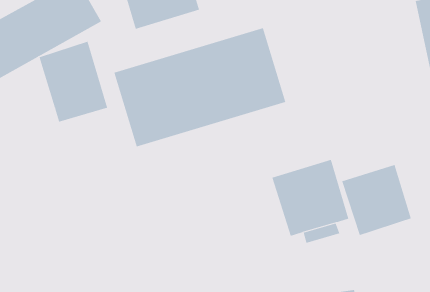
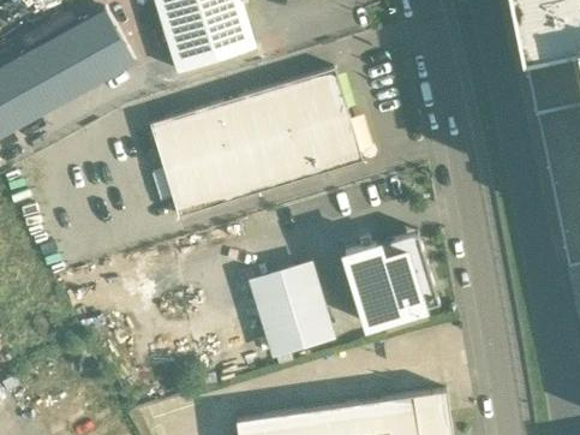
building: [39,41,108,122] -> none
building: [341,164,412,236] -> none
building: none -> [253,266,328,352]

